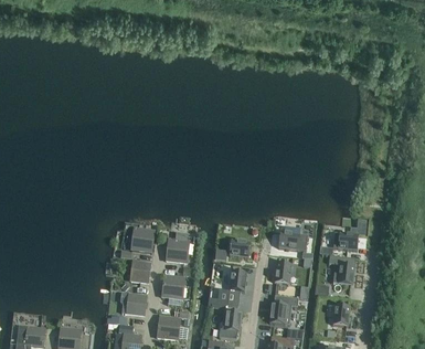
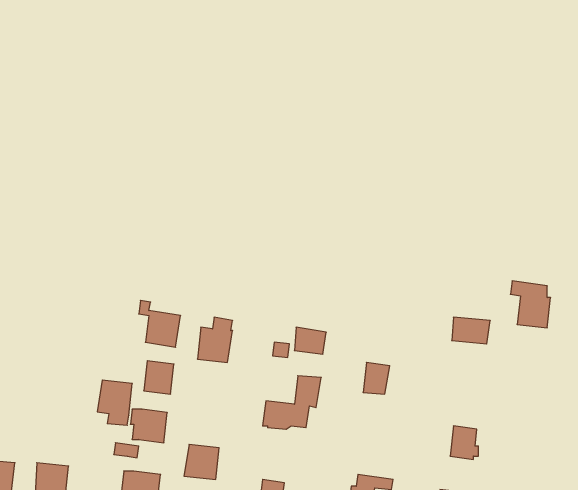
building: [278,225,308,250] -> none
building: [329,254,355,285] -> [510,281,551,328]
building: [161,275,184,305] -> [97,380,132,425]
building: [269,295,298,325] -> none
building: [219,310,242,339] -> none

